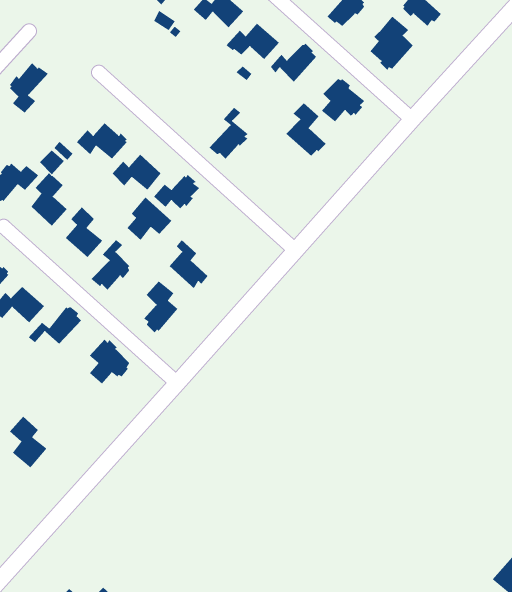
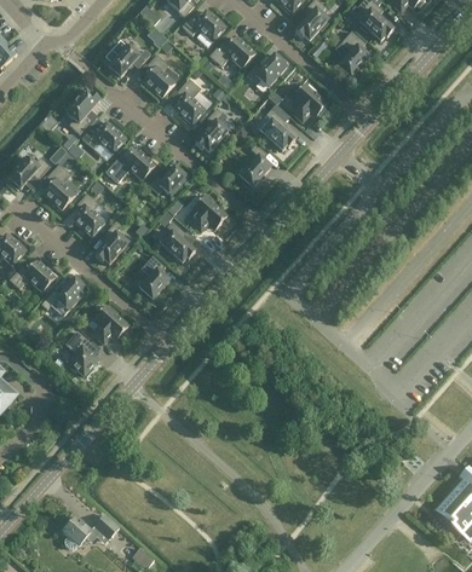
building: none -> [107,44,149,77]
building: none -> [142,54,178,97]
building: [9,62,49,114] -> [65,89,99,133]
building: none -> [172,79,212,125]
building: none -> [238,143,270,187]
building: [127,197,172,241] -> [188,195,226,232]
building: [9,416,48,469] -> [64,330,97,375]

